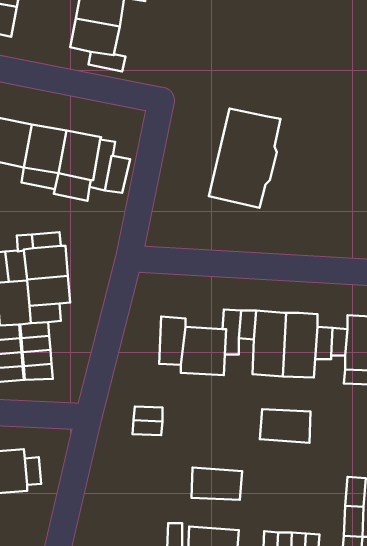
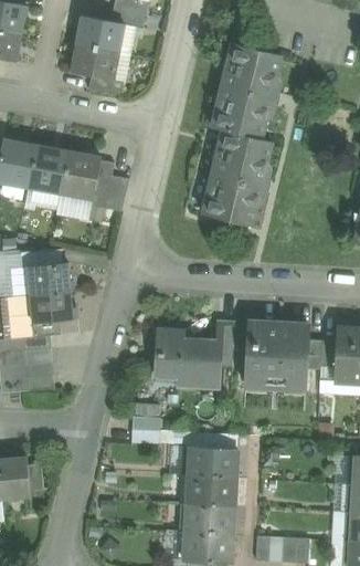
building: none -> [212,42,279,137]
building: [260,409,311,443] -> [189,444,237,476]
building: none -> [186,502,234,533]

